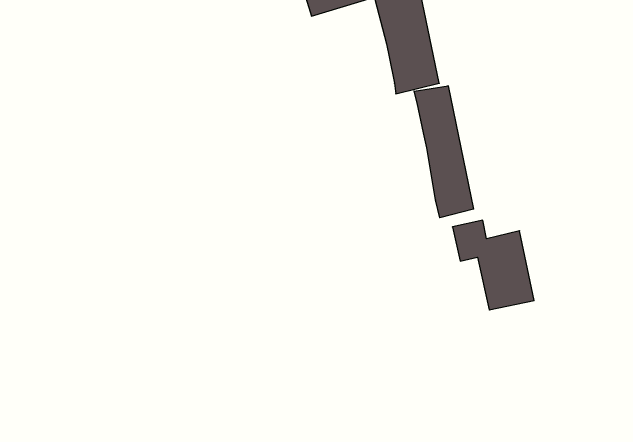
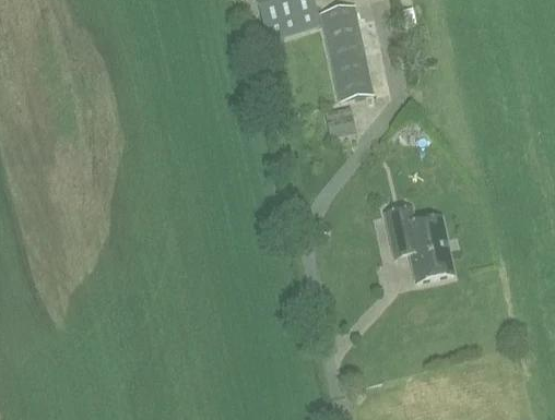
building: [414,86,474,218] -> none

